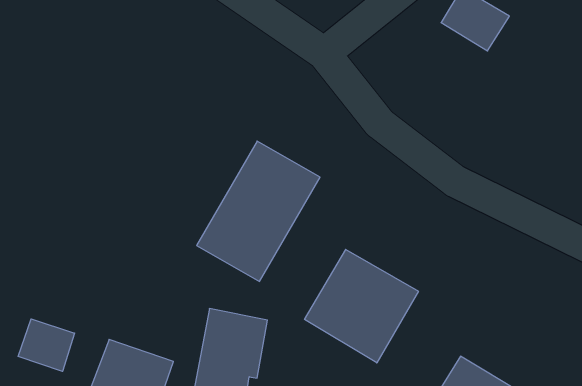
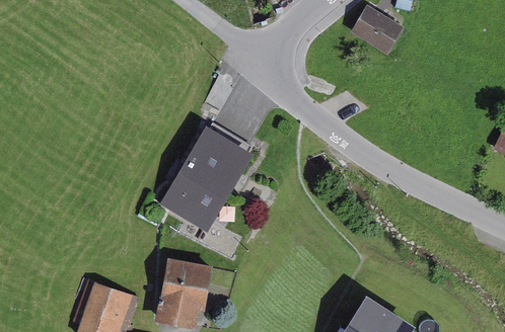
building: [305,249,418,363] -> none
building: [18,319,75,371] -> none

